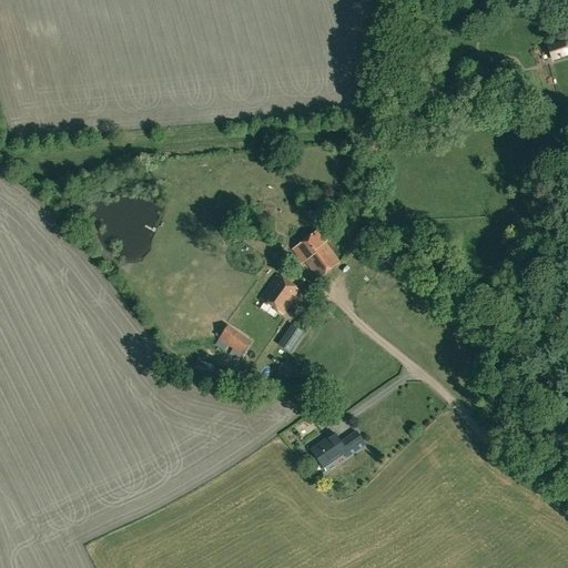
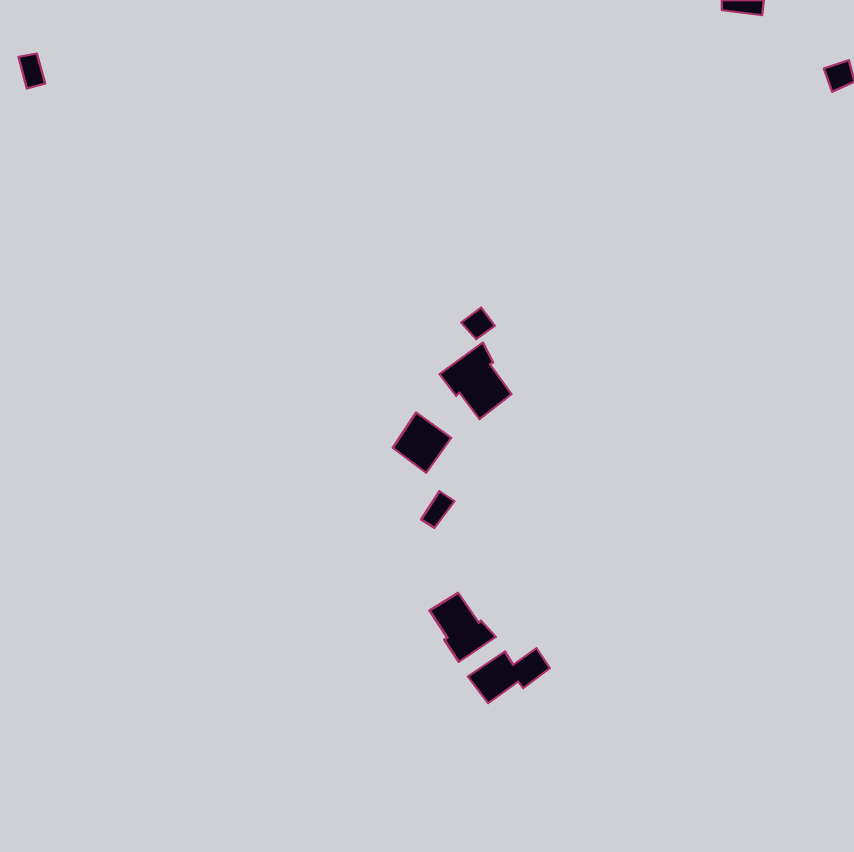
building: [219,325,252,356] -> none
building: none -> [429,593,496,662]

